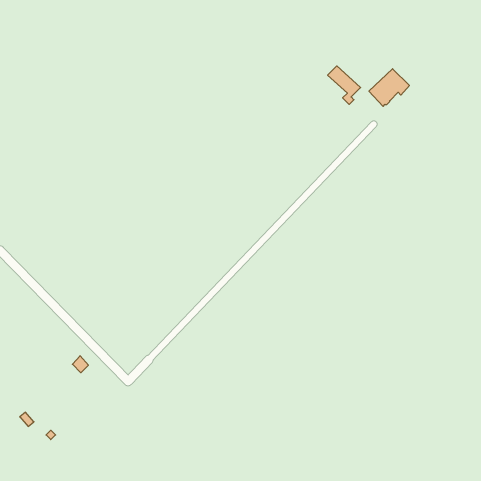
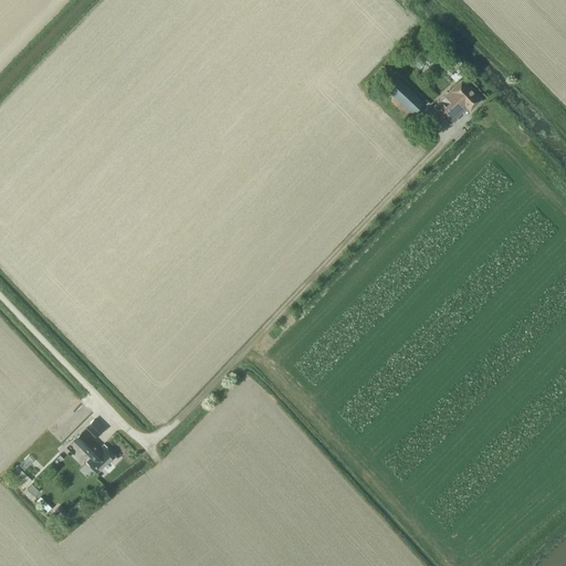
building: none -> [73,432,115,473]

